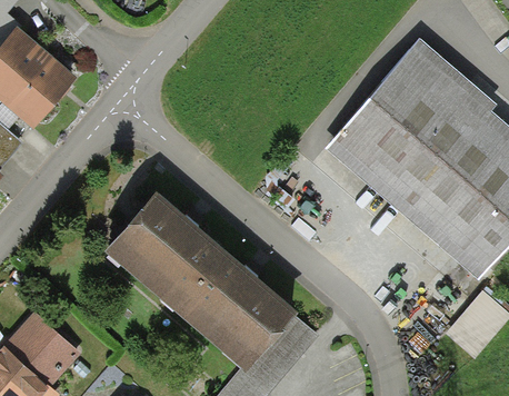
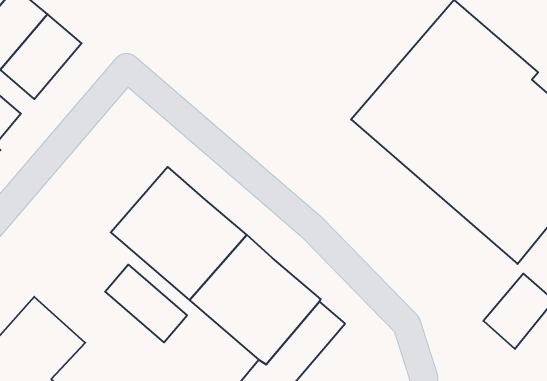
building: none -> [105,265,187,342]

